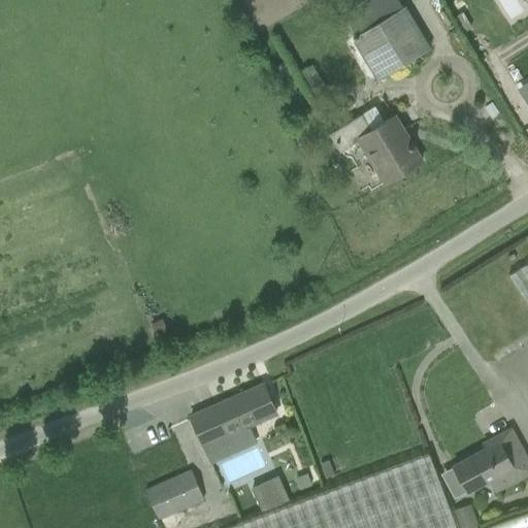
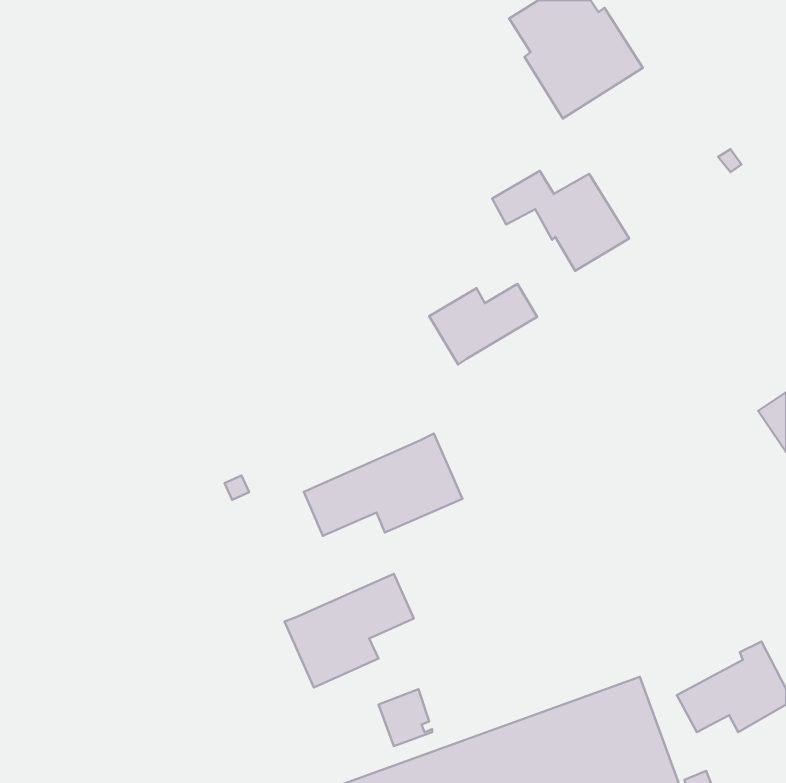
building: none -> [429,284,537,365]
building: none -> [304,434,463,536]
building: [145,472,204,521] -> none

